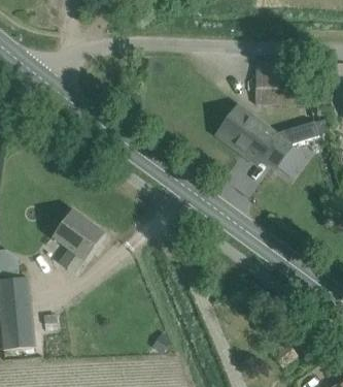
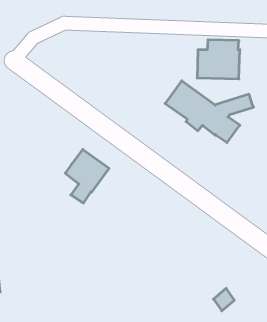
building: [54,209,103,270] -> [65,149,109,203]

